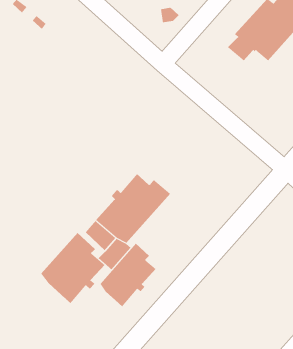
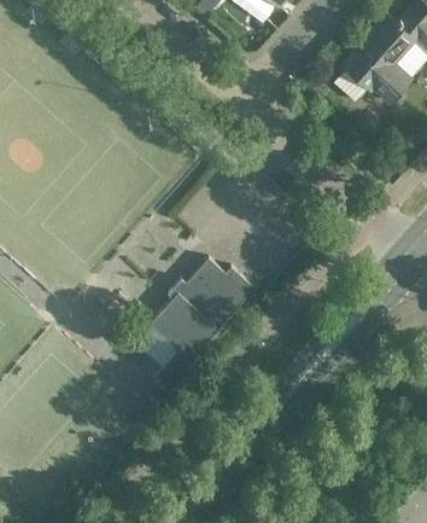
building: [41,232,105,304] -> none
building: [100,243,156,307] -> none

